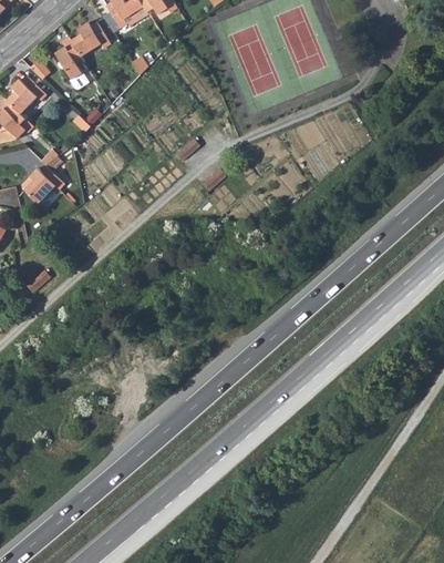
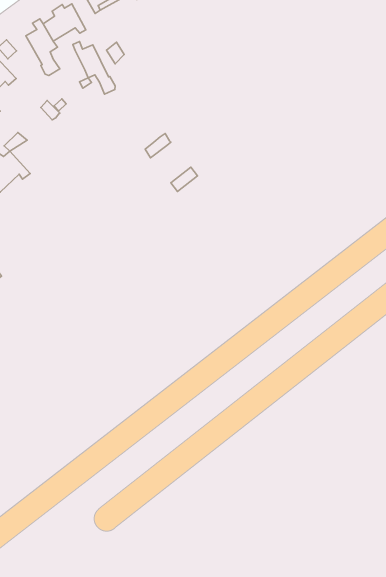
building: none -> [73,42,115,94]

